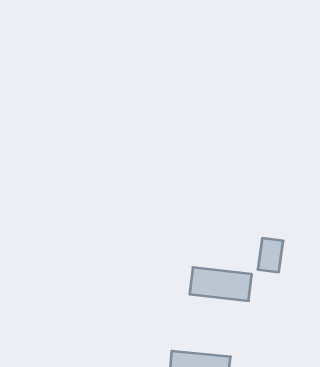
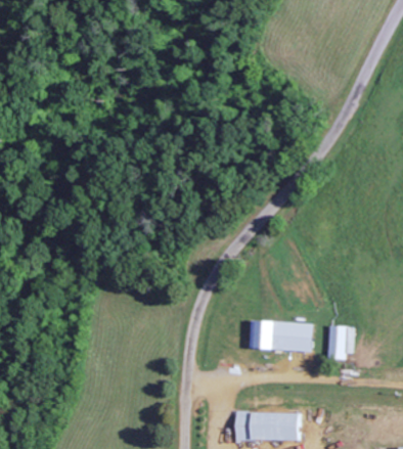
building: [258,238,283,272] -> [327,325,352,360]

